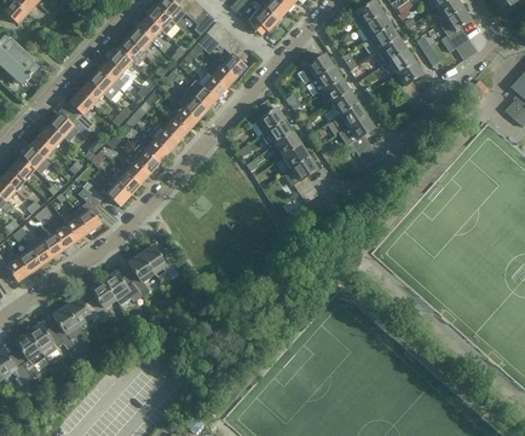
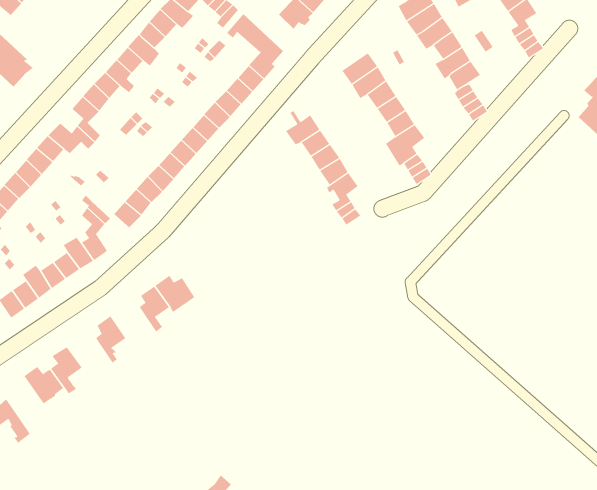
building: [104,272,143,301] -> none
building: [67,297,105,325] -> none
building: [15,332,46,378] -> none

